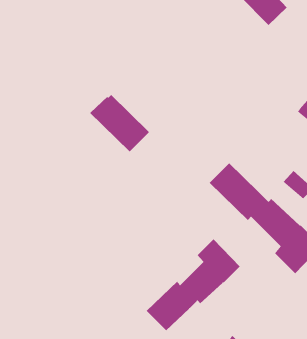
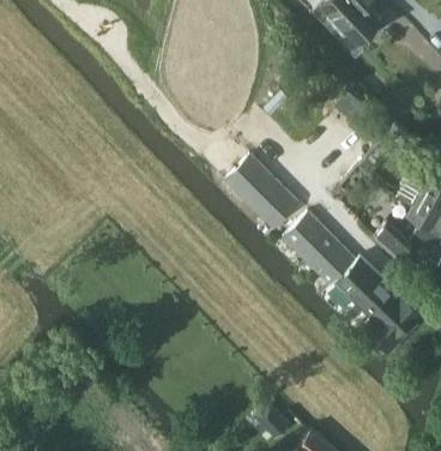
building: [89,94,149,153] -> [224,157,300,230]
building: [146,239,241,331] -> none

